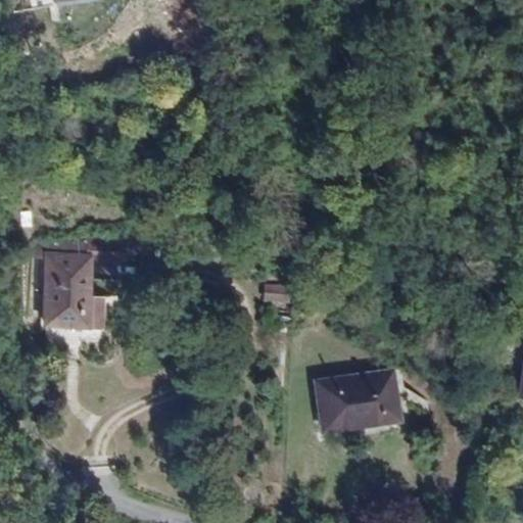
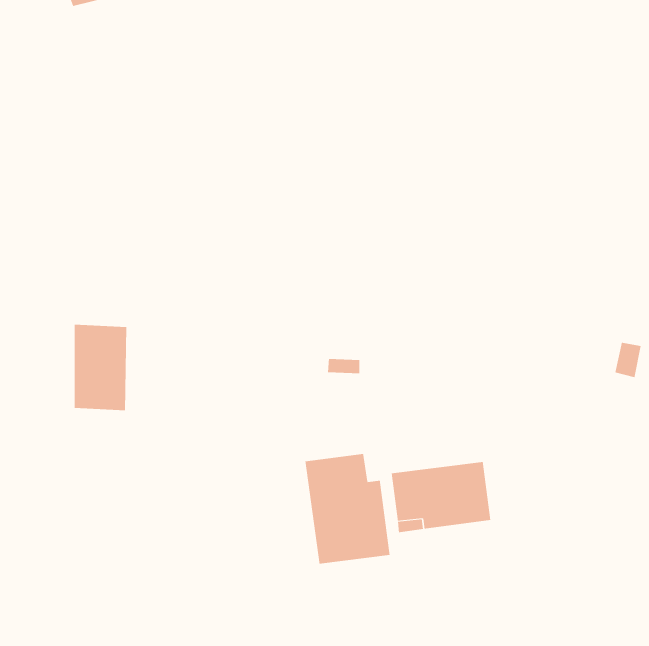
building: none -> [305,453,390,565]

